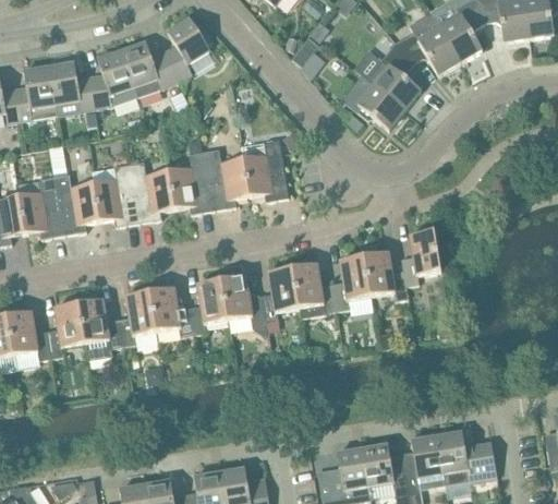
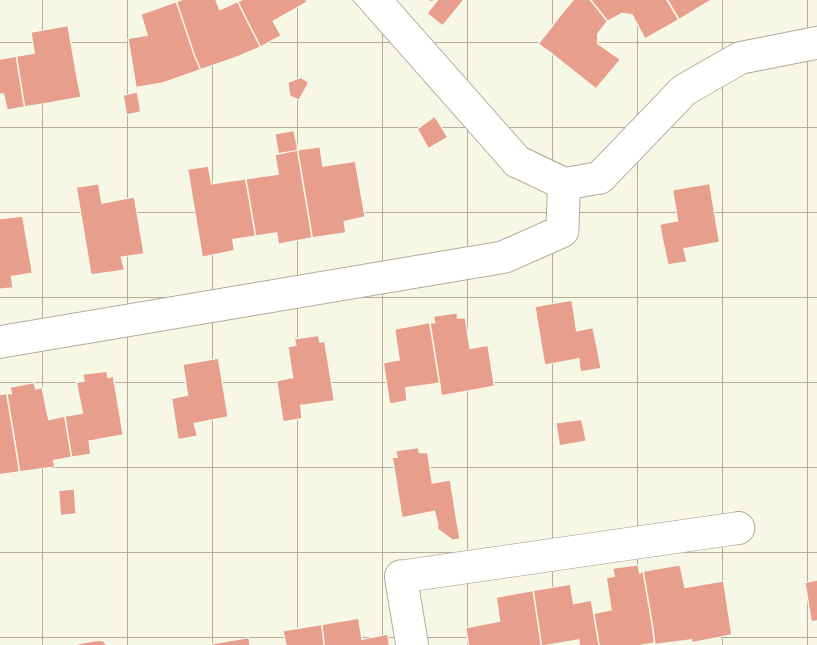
building: [49,62,95,116] -> none
building: [342,74,405,130] -> none
building: [241,139,289,201] -> none
building: [94,164,140,226] -> none
building: [19,176,64,239] -> none
building: [401,231,441,286] -> [660,184,719,265]
building: [332,256,371,310] -> none
building: [222,273,268,335] -> [392,448,460,540]
building: [150,284,194,336] -> none
building: [80,296,123,360] -> none

